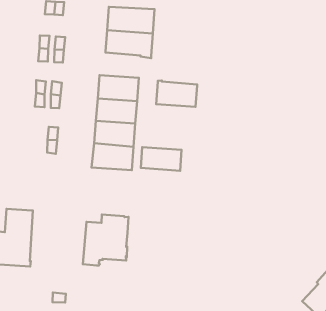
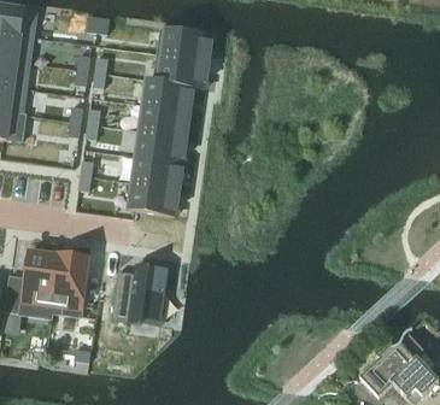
building: [156,80,197,107] -> [145,77,193,110]
building: [141,147,182,171] -> none
building: none -> [52,252,89,316]

